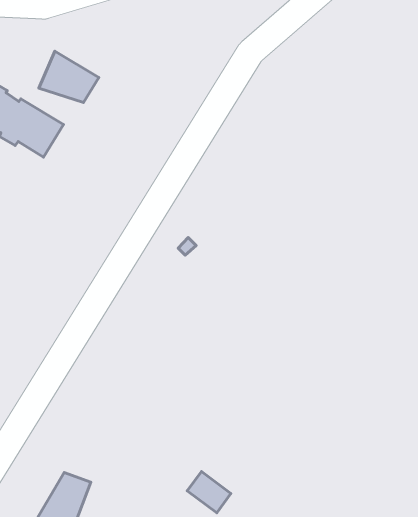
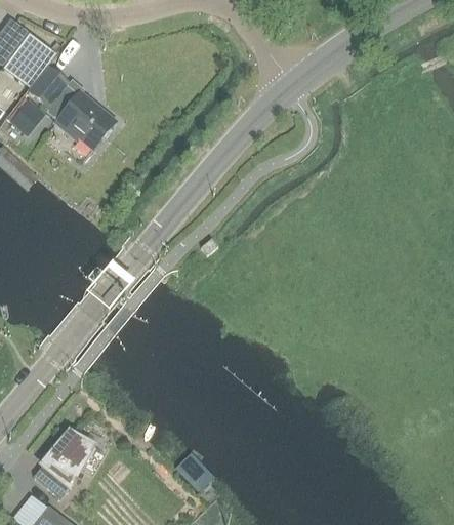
building: [39,51,99,102] -> none

